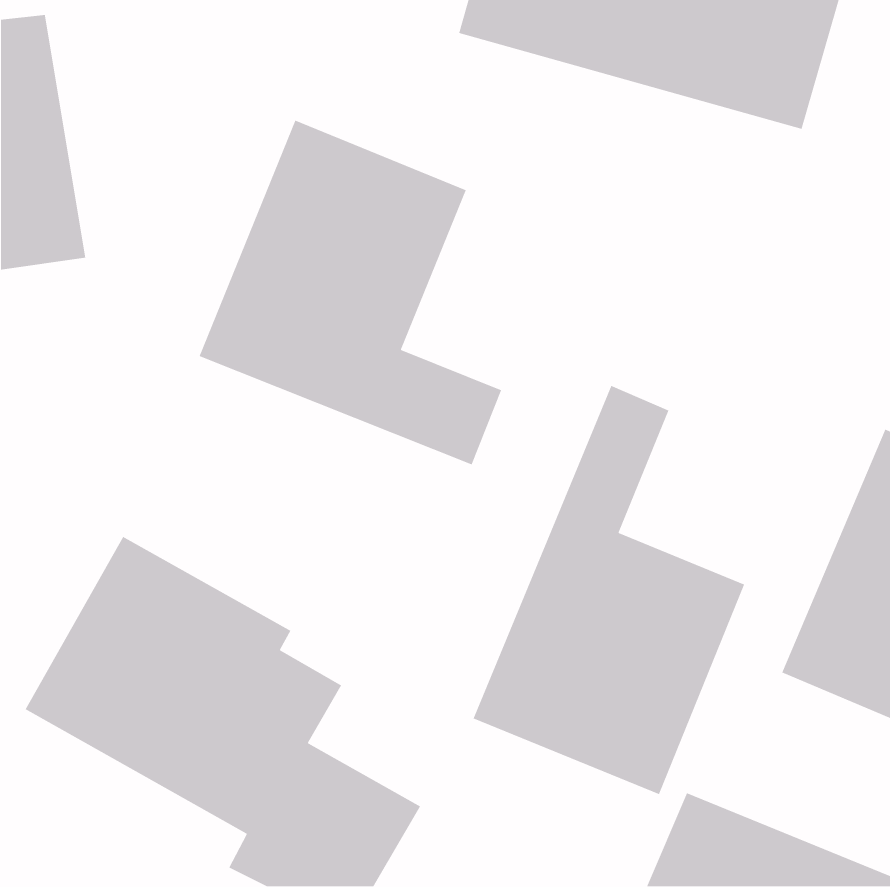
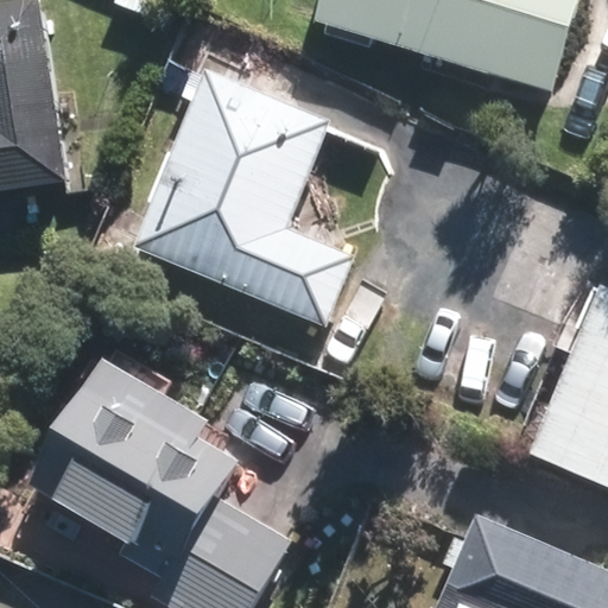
building: [473,385,745,795] -> none

